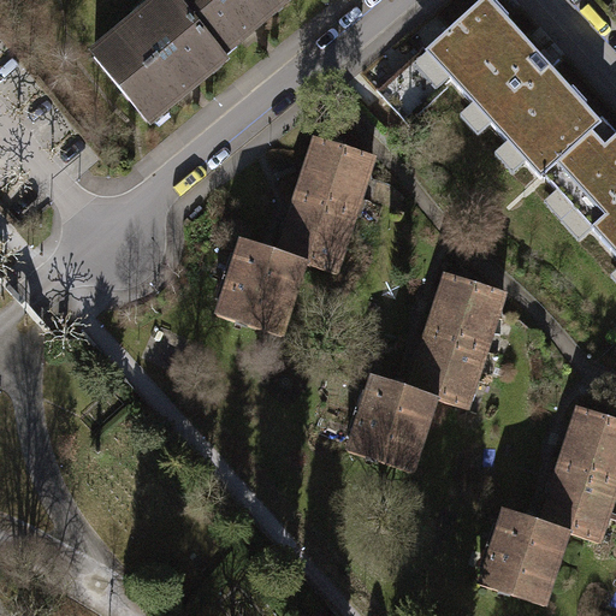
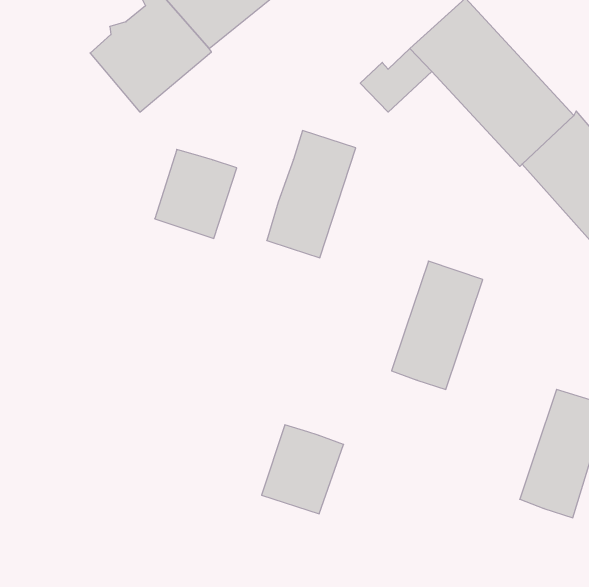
building: [219,239,304,332] -> [155,149,237,238]
building: [350,375,436,468] -> [262,425,344,514]
building: [480,508,568,603] -> none

